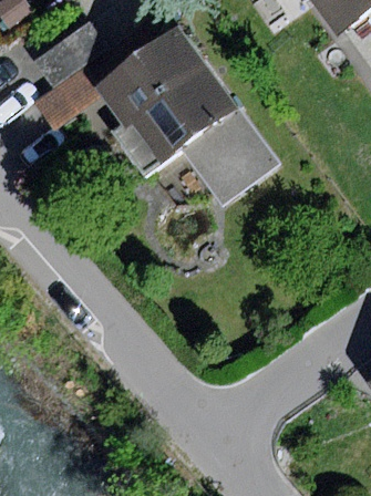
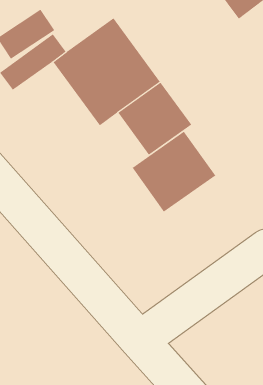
building: none -> [132,131,216,212]

